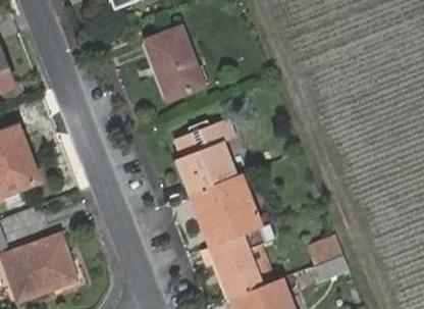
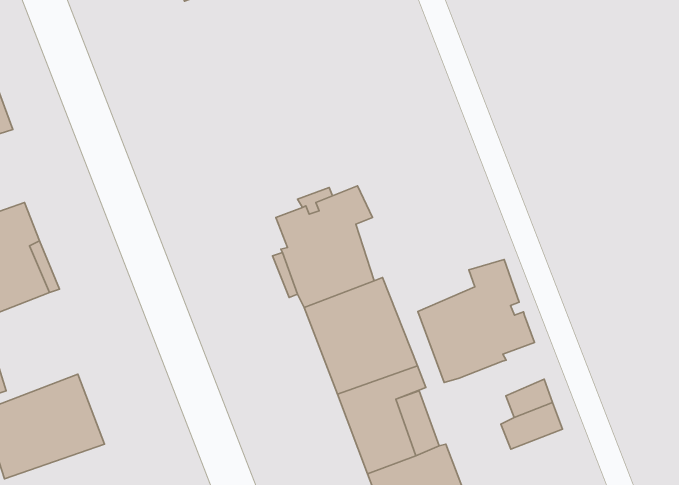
building: [146,30,201,99] -> none
building: none -> [418,259,535,382]

